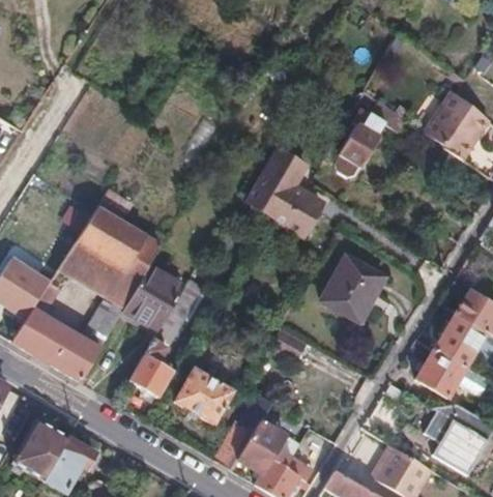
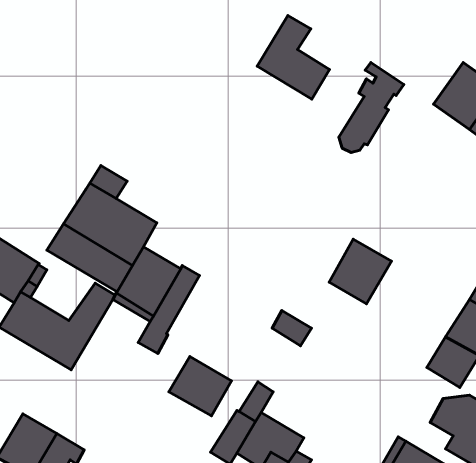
building: [253,152,321,231] -> [257,16,329,99]
building: [129,355,173,397] -> none

